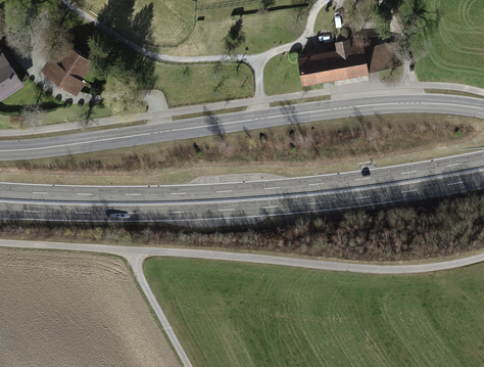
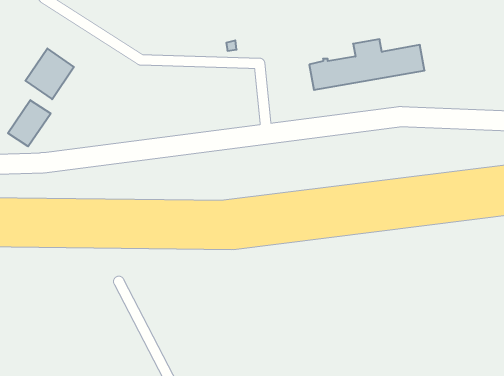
building: none -> [8,100,51,146]

